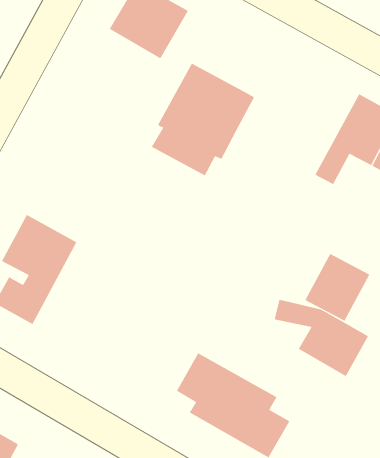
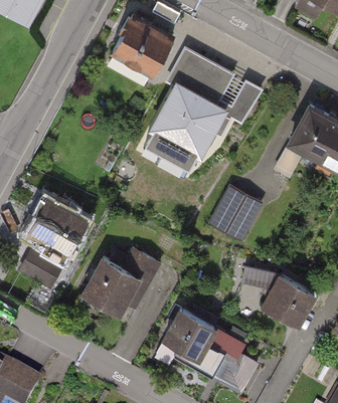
building: none -> [169,47,232,100]
building: none -> [212,79,260,136]
building: [304,253,370,322] -> [210,185,263,239]
building: none -> [80,247,159,314]

